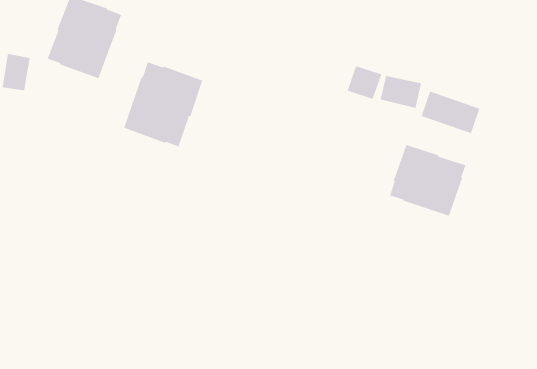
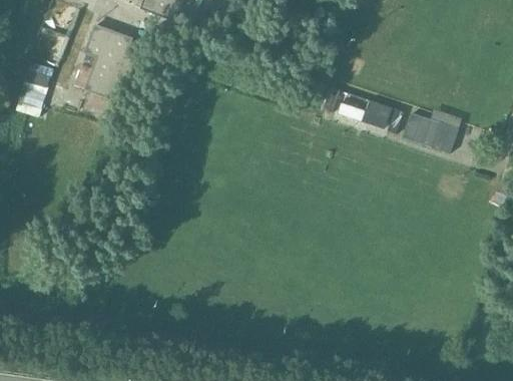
building: [123,62,203,147] -> none
building: [389,144,466,216] -> none

